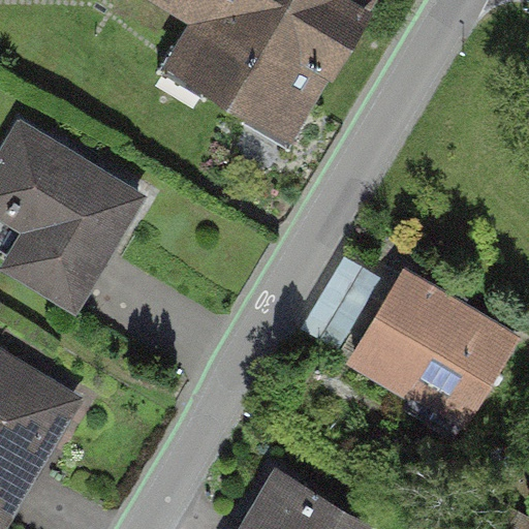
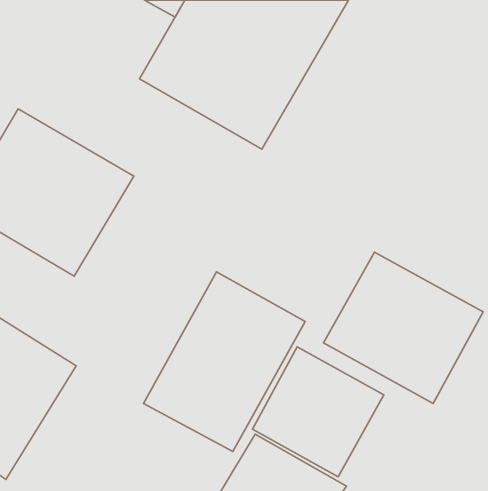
building: none -> [144,272,305,452]
building: none -> [253,347,384,477]

